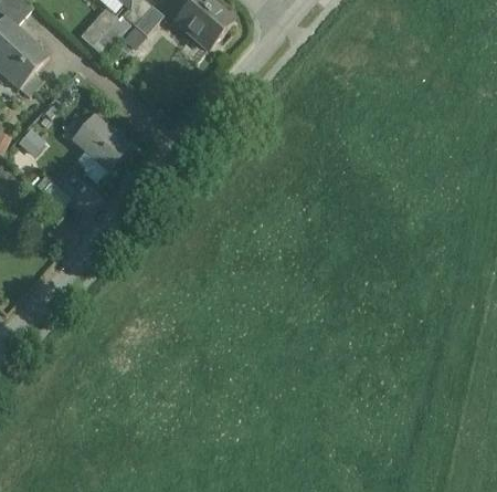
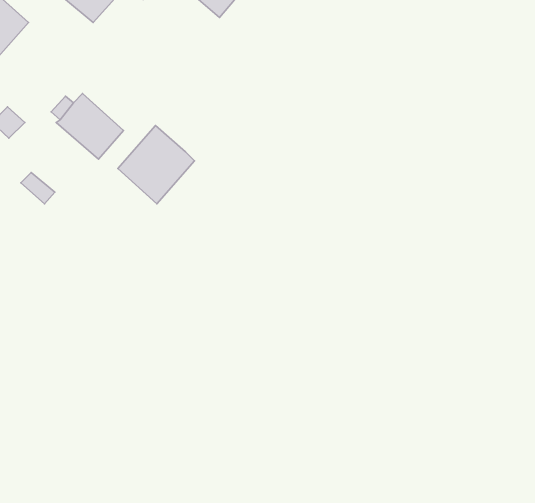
building: none -> [118,126,194,204]

